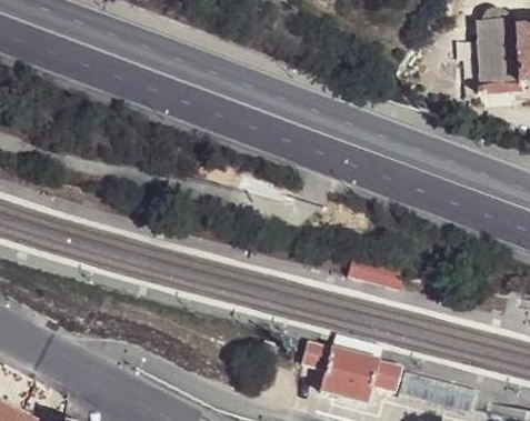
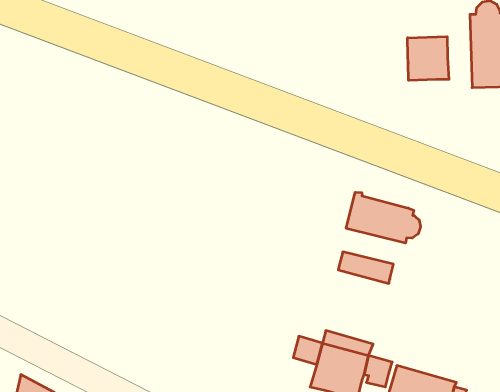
building: none -> [408,37,449,80]
building: none -> [346,192,421,243]

